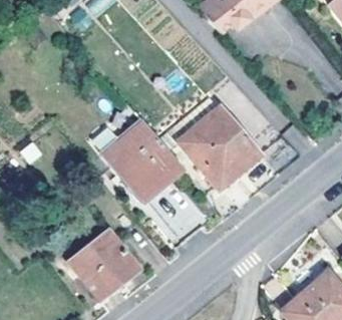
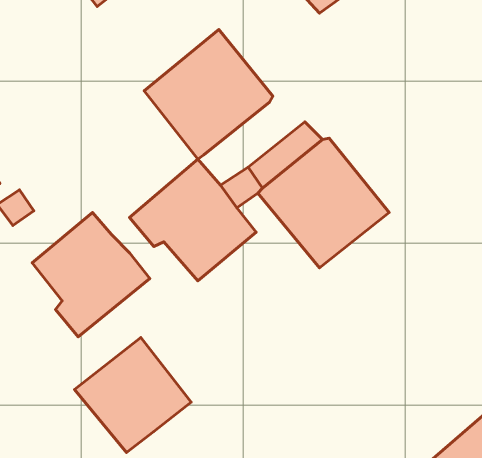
building: none -> [144,29,273,159]
building: none -> [32,213,150,337]

